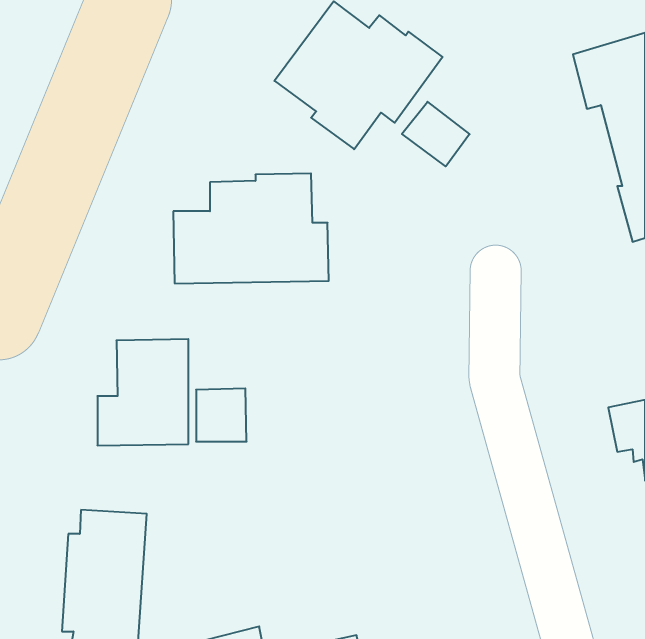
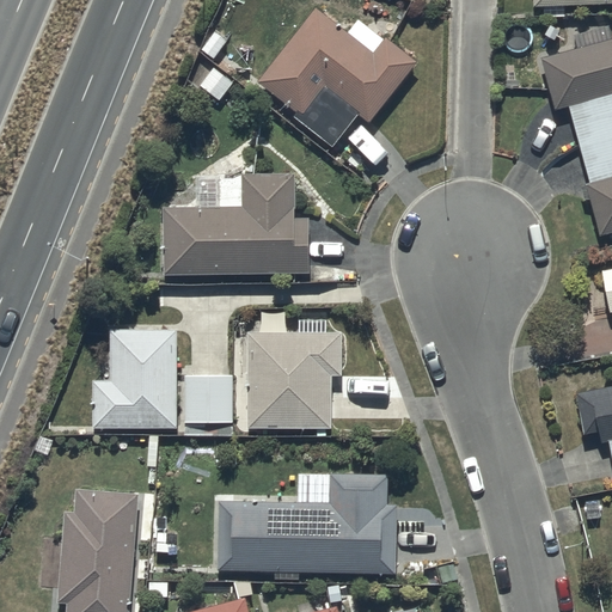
building: [402,102,470,166] -> none
building: none -> [247,320,342,428]
building: none -> [216,475,396,580]

